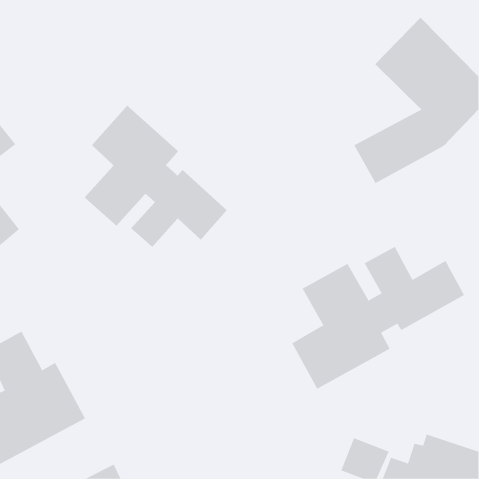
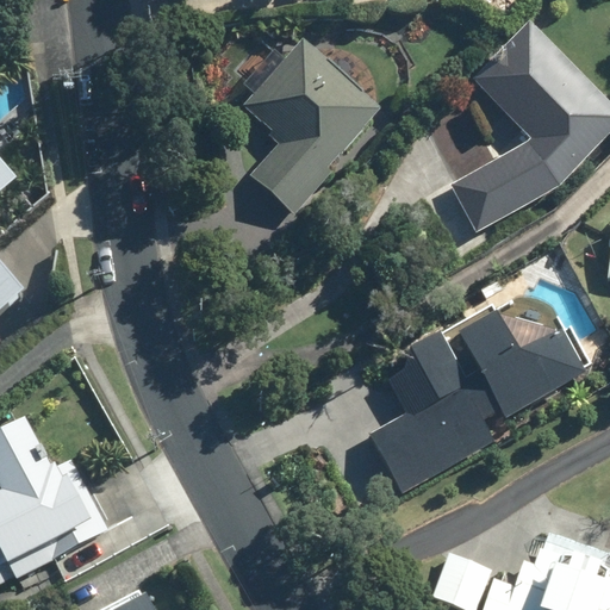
building: none -> [243,38,384,214]
building: [84,105,228,248] -> none

